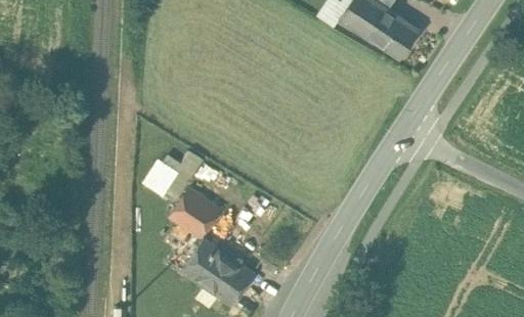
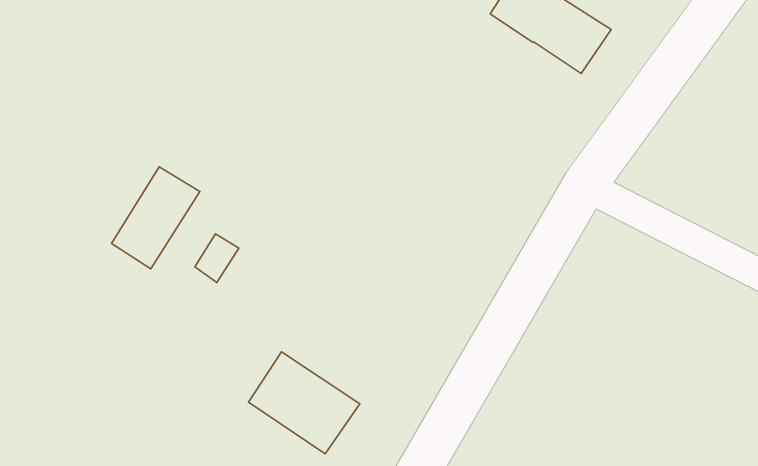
building: none -> [111,167,200,269]
building: [172,191,219,237] -> none

